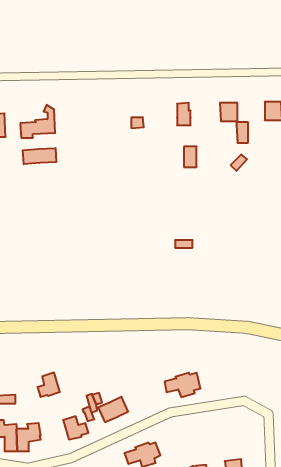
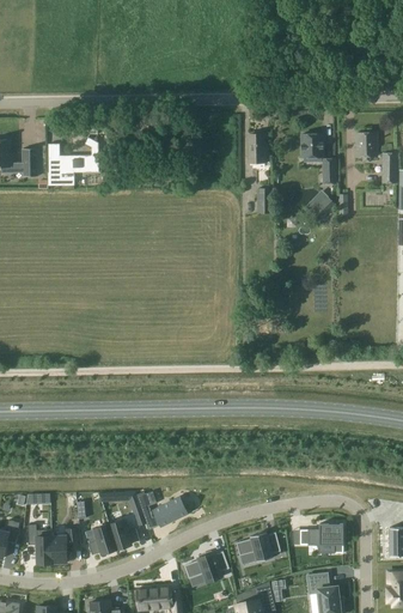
building: [23,148,56,164] -> none
building: [37,373,60,397] -> [87,524,115,554]
building: [165,373,201,397] -> [236,532,280,562]
building: none -> [299,523,342,553]

